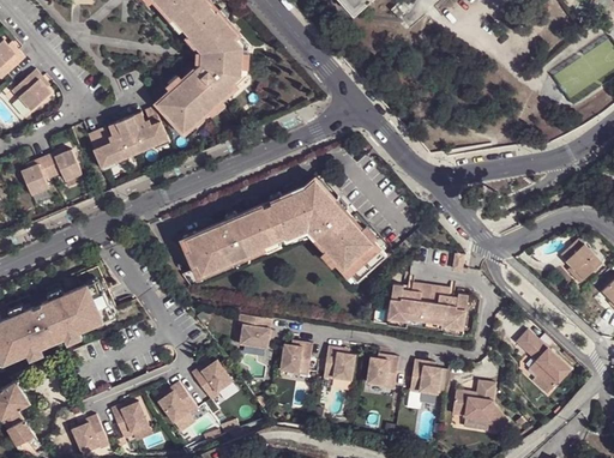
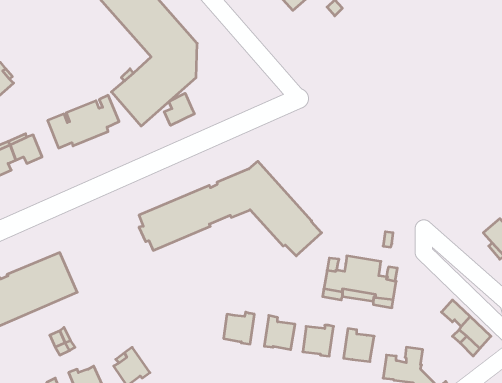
building: none -> [164,93,194,125]
building: [237,313,272,349] -> none
building: [191,358,231,399] -> none

